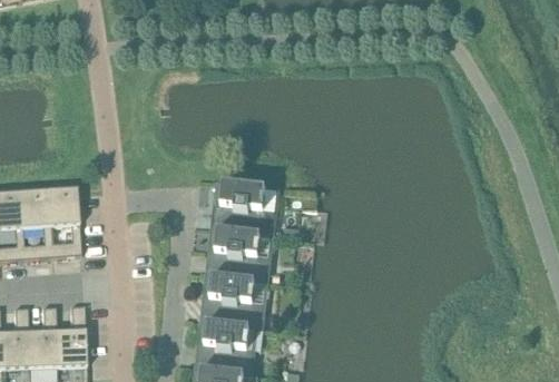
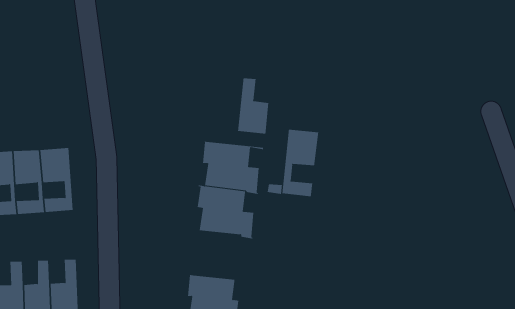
building: none -> [238,78,269,135]
building: none -> [282,129,319,197]
building: [204,273,265,329] -> none

